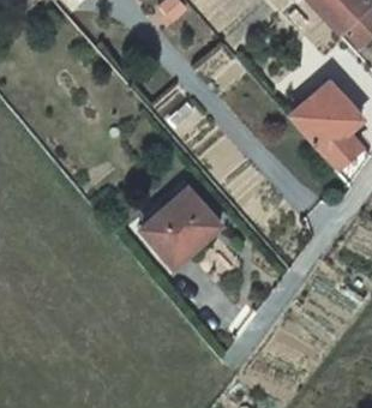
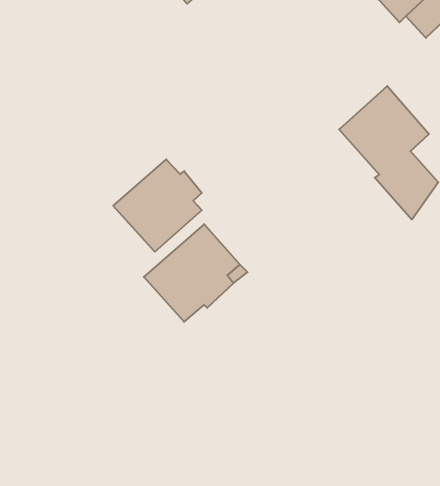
building: none -> [113,159,202,252]

